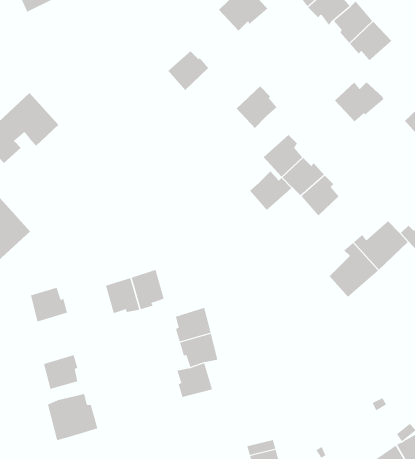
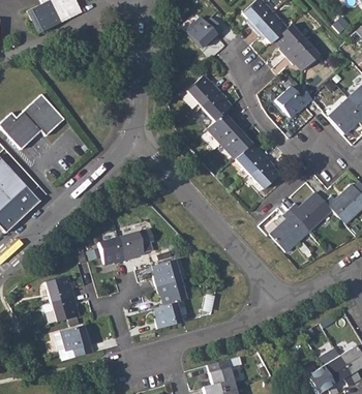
building: [168,50,209,91] -> [186,75,218,107]
building: [249,170,292,211] -> [207,113,240,144]
building: [30,287,68,322] -> [47,275,76,302]

